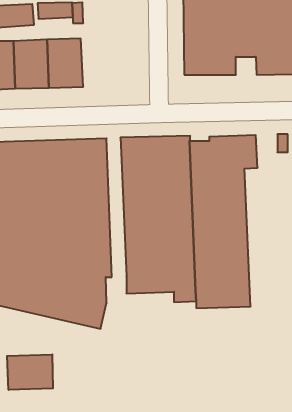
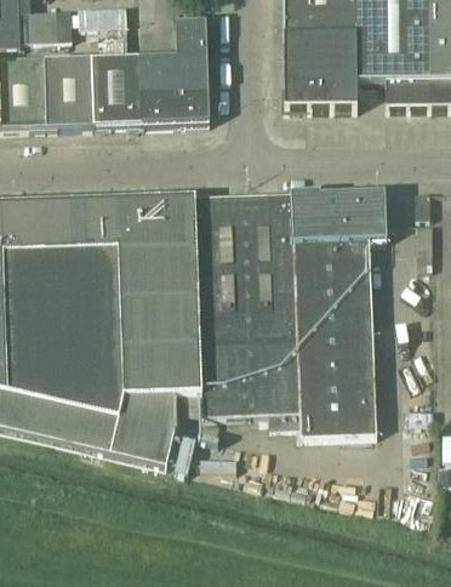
building: none -> [137,18,209,122]
building: none -> [173,194,201,391]
building: [7,354,53,390] -> none

